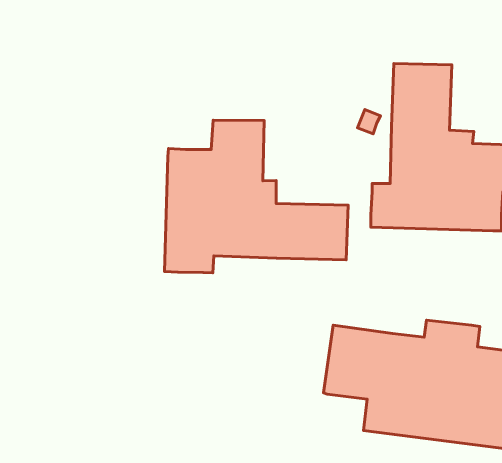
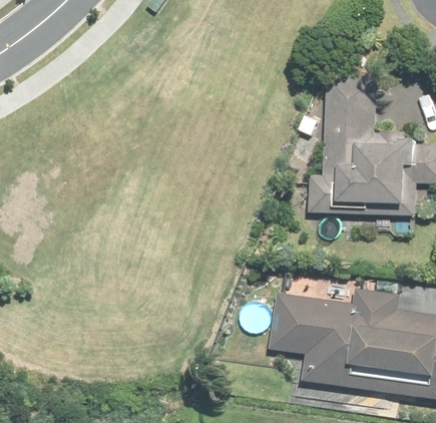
building: [165,120,348,273] -> none

